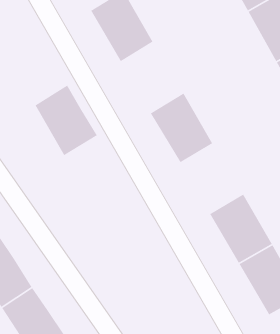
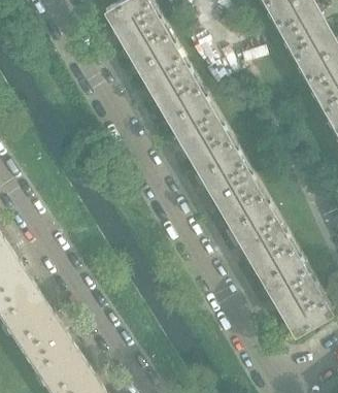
building: [34,85,98,156] -> [138,46,205,122]
building: none -> [201,154,268,228]

